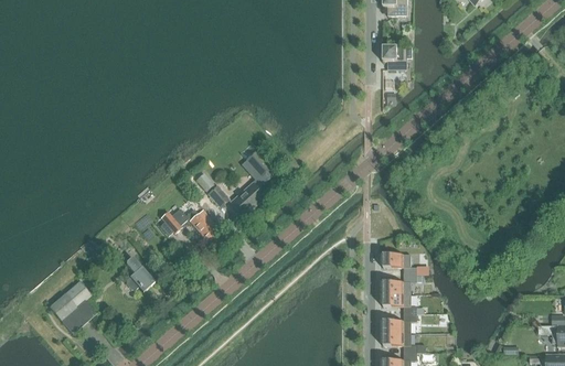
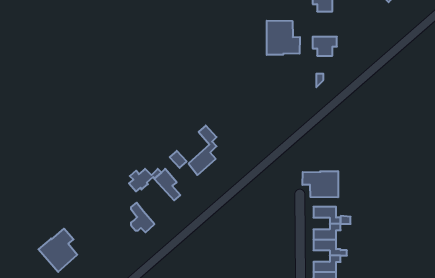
building: none -> [267,21,300,55]
building: none -> [302,171,338,197]
building: [125,255,153,291] -> [131,203,154,232]

